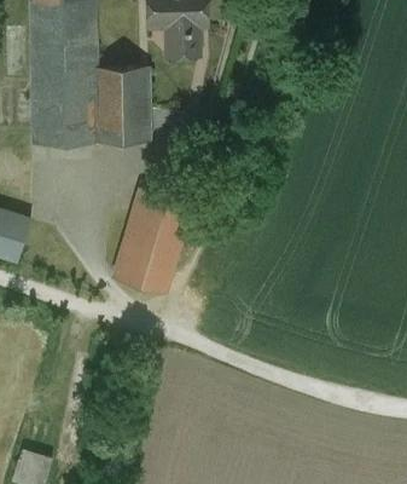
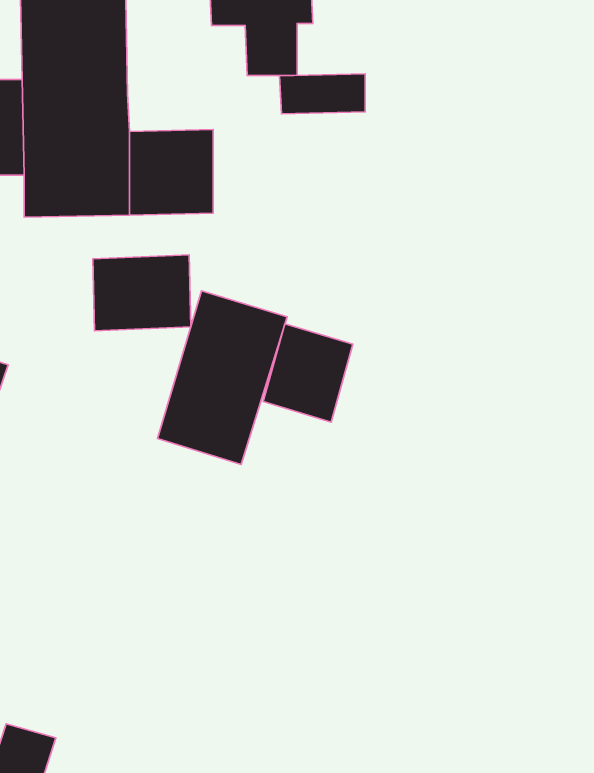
building: [98,67,150,91] -> [280,74,365,114]
building: none -> [93,255,191,331]
building: none -> [263,324,353,422]

